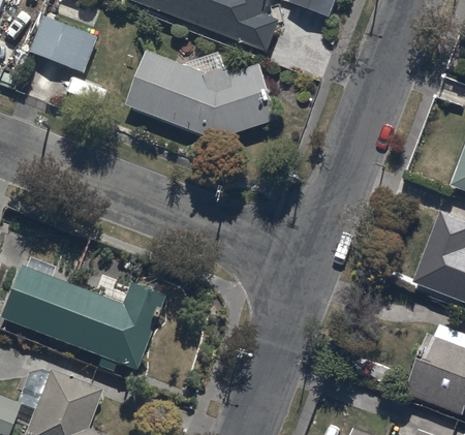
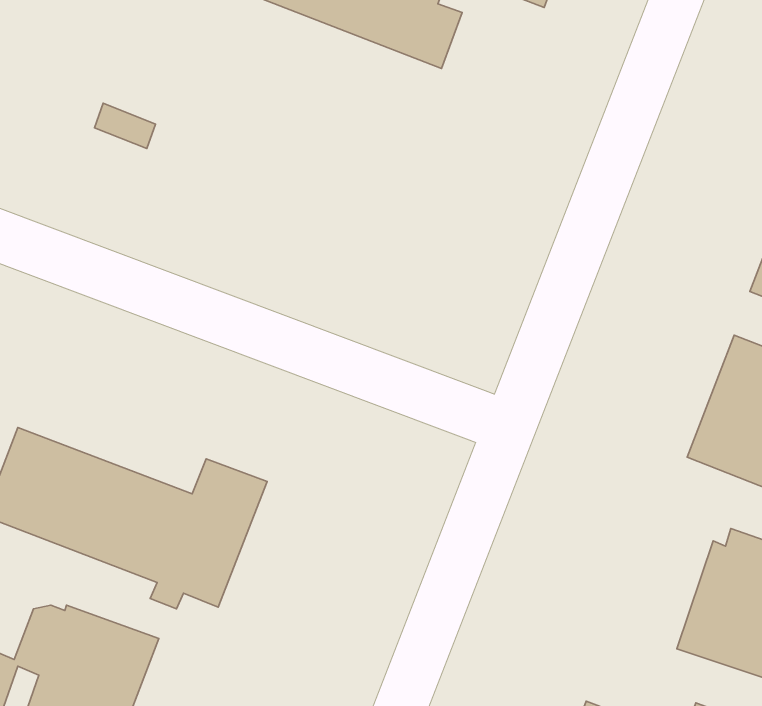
building: [31,17,98,71] -> none
building: [124,50,279,141] -> none

